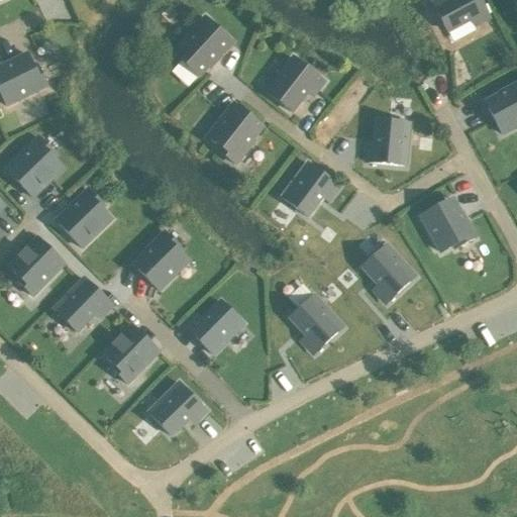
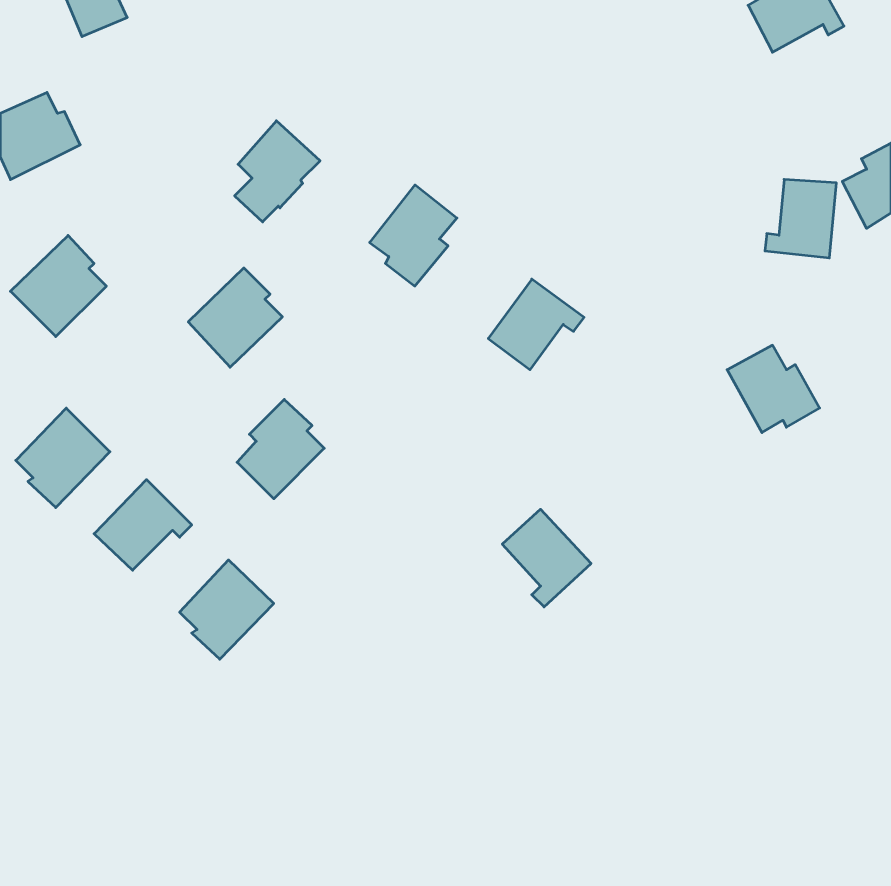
building: [187,20,236,79] -> [235,121,320,222]
building: [273,61,329,114] -> none
building: [368,119,409,165] -> [765,179,836,258]
building: [57,189,111,246] -> [188,268,282,367]
building: [364,244,415,301] -> none
building: [186,301,242,352] -> none
building: [148,382,205,433] -> none

